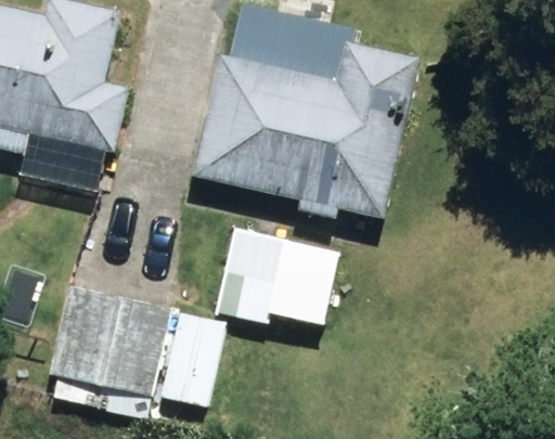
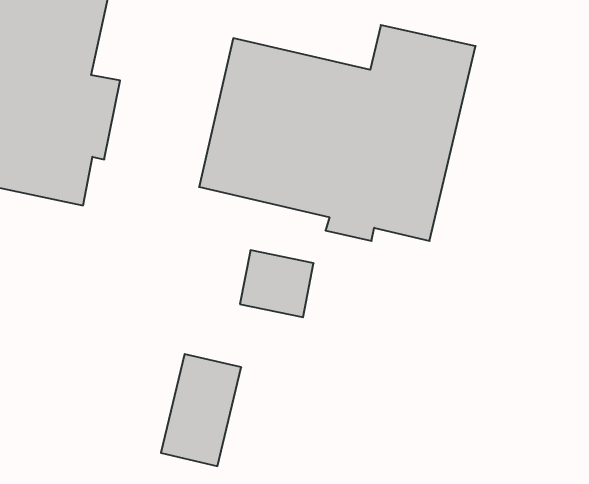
building: [49,283,173,397] -> none

